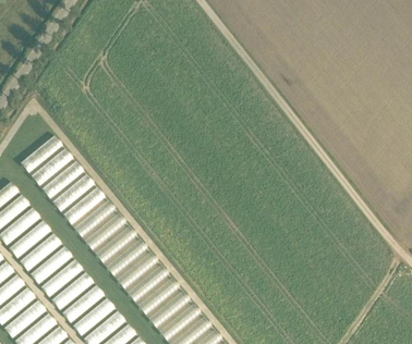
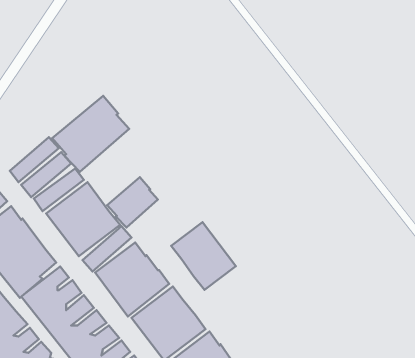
building: none -> [52,96,129,172]
building: none -> [107,177,158,228]
building: none -> [171,222,236,290]

